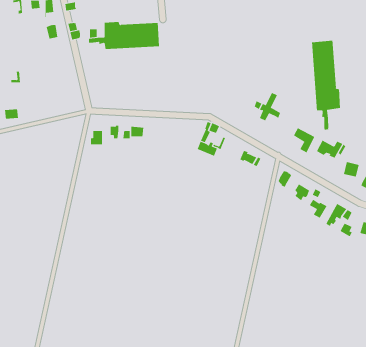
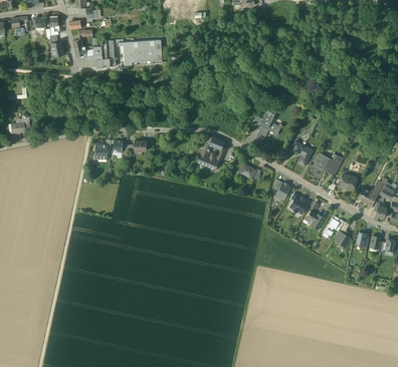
building: [311,40,341,131] -> none

